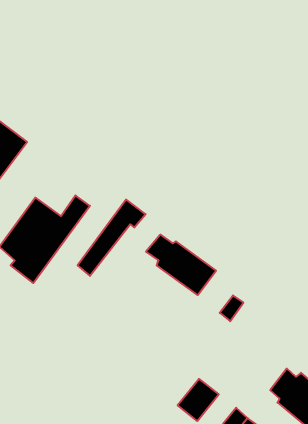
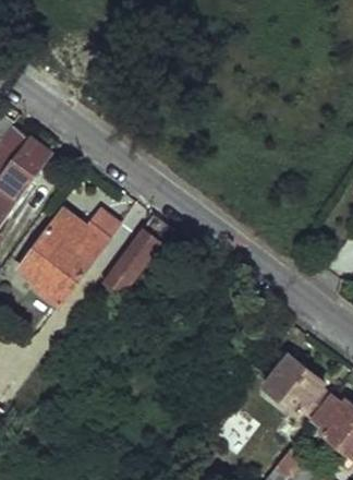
building: [146,235,216,295] -> none
building: none -> [265,355,329,418]

